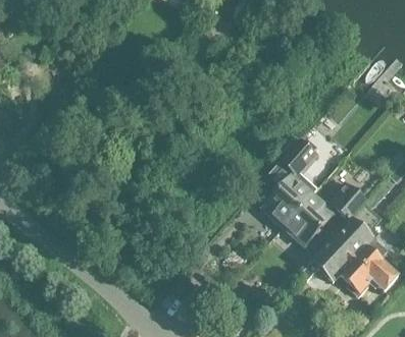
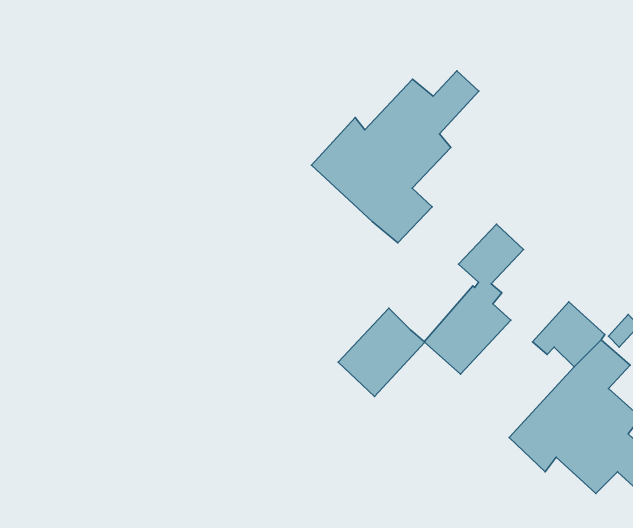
building: none -> [312,71,479,243]
building: [285,192,334,242] -> [338,308,425,397]

